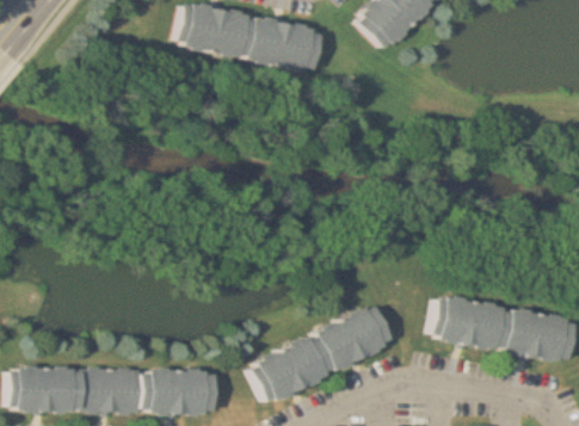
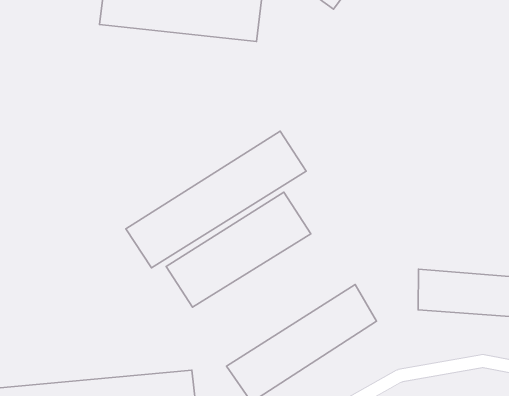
building: none -> [126,131,306,268]
building: none -> [166,192,311,307]

